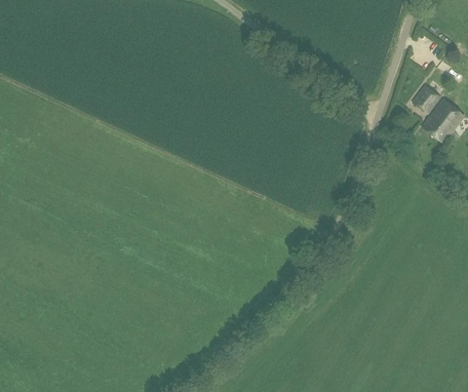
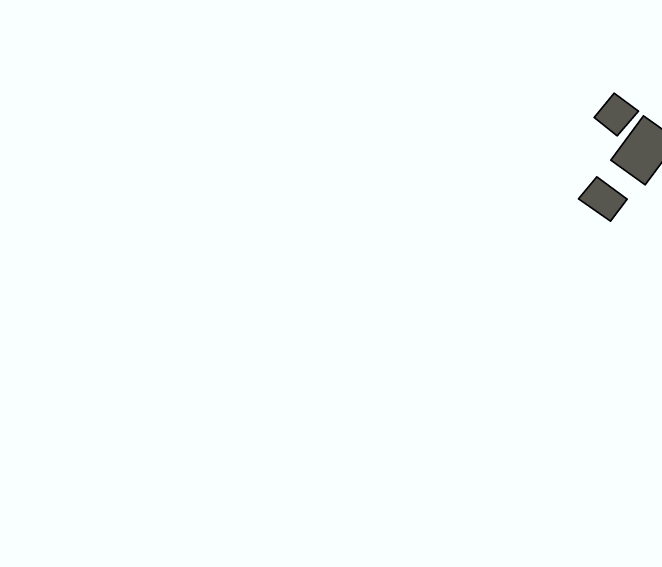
building: none -> [578,177,627,221]

